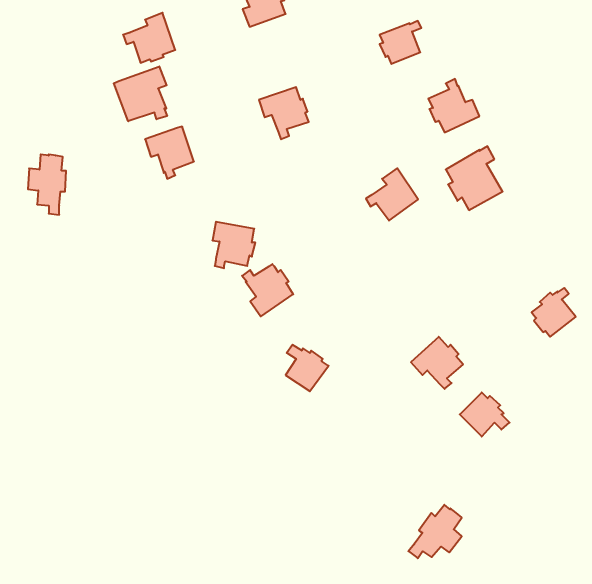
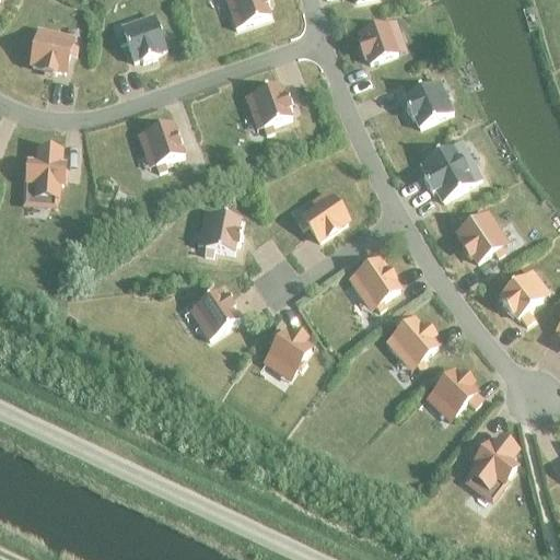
building: none -> [31,26,77,70]
building: [114,66,167,121] -> none
building: [366,168,418,221] -> [296,189,346,238]
building: none -> [457,211,504,259]
building: [242,264,293,316] -> [190,288,238,337]
building: none -> [349,258,398,307]
building: [408,505,462,558] -> [465,434,515,485]

